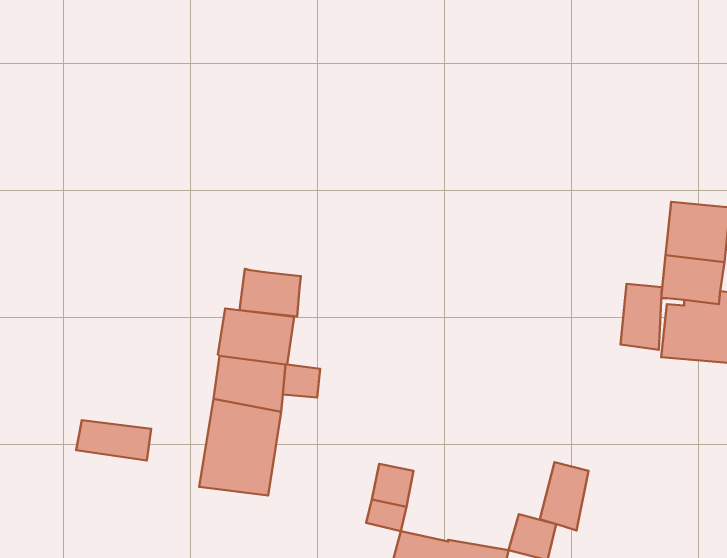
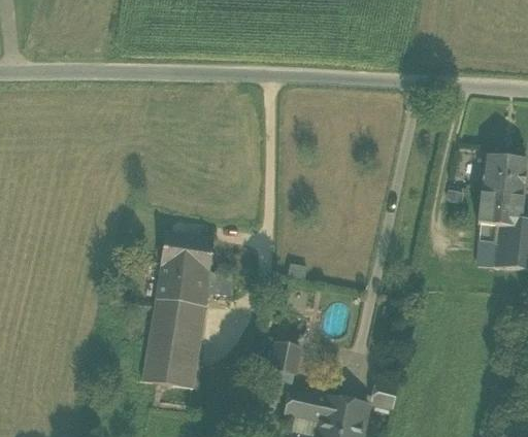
building: [239,269,301,316] -> none
building: [621,284,662,350] -> none
building: [76,420,151,460] -> [142,359,196,388]
building: [540,462,589,530] -> none

